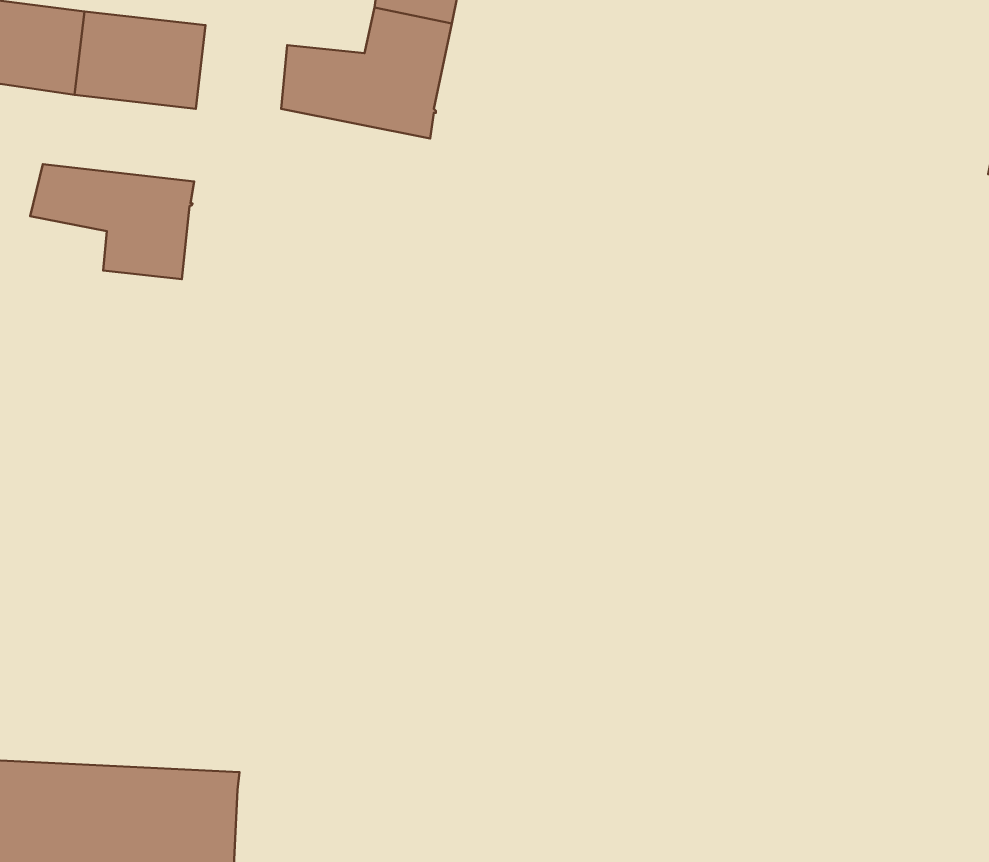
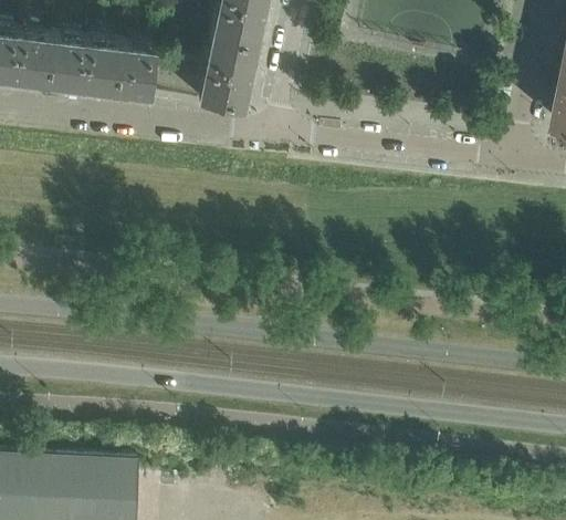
building: none -> [113,44,164,95]
building: [30,164,194,279] -> none

